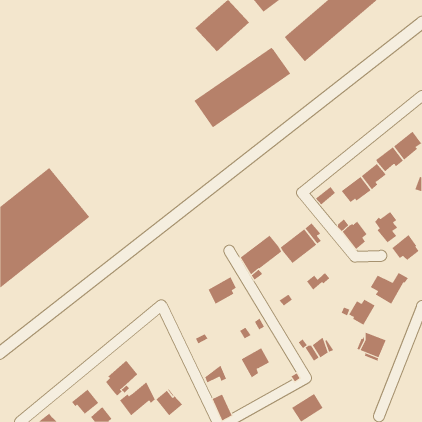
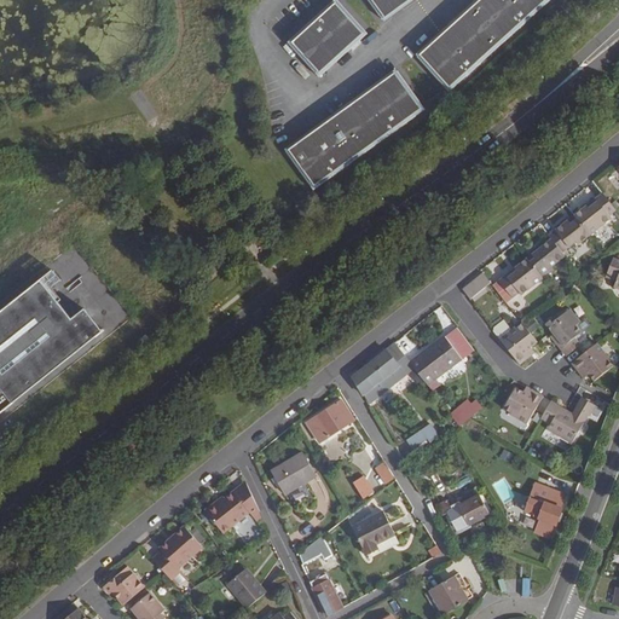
building: [348,299,375,325] -> [504,387,544,426]
building: none -> [271,453,314,492]
building: [119,381,156,416] -> [204,482,258,533]

